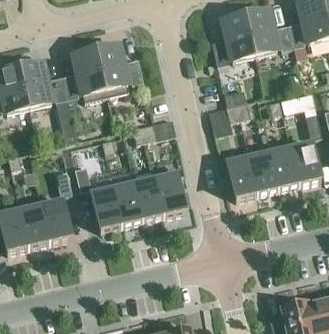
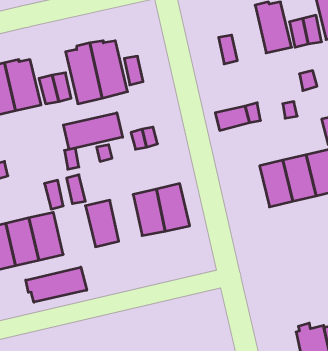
building: [222,11,254,59] -> none
building: none -> [63,113,123,149]
building: [226,156,257,198] -> none
building: [113,182,142,224] -> none
building: none -> [26,267,87,302]

